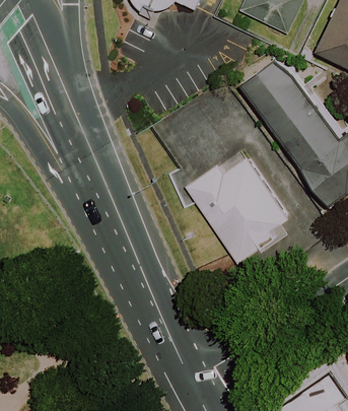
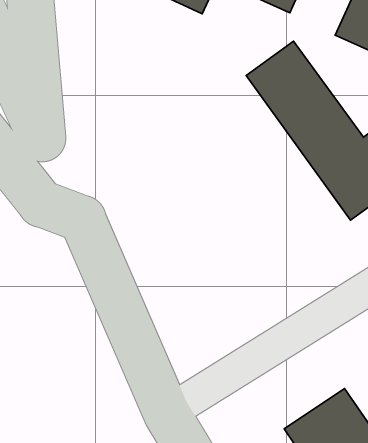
building: [186,147,290,260] -> none

